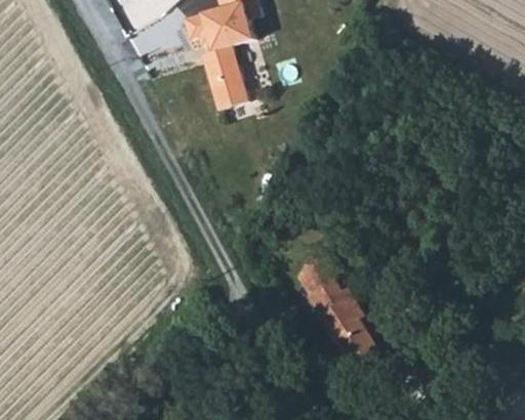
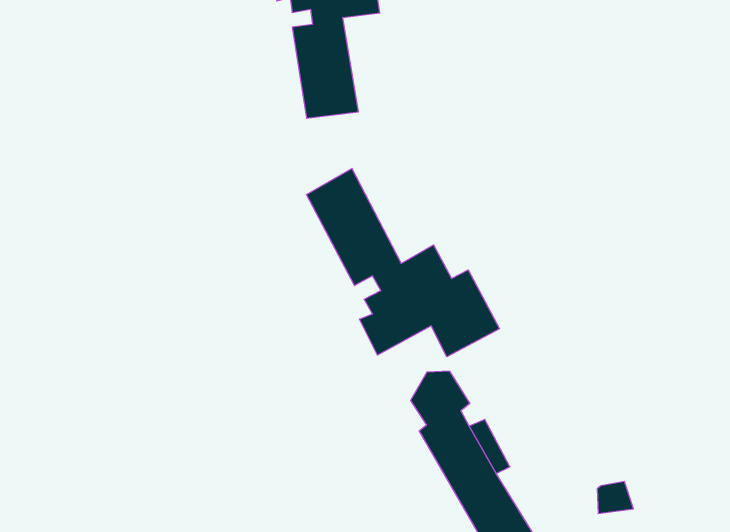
building: none -> [306,168,500,357]

